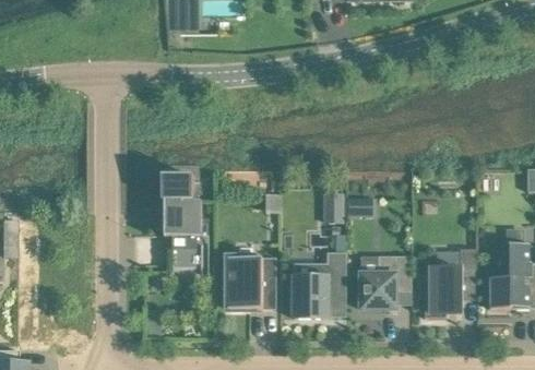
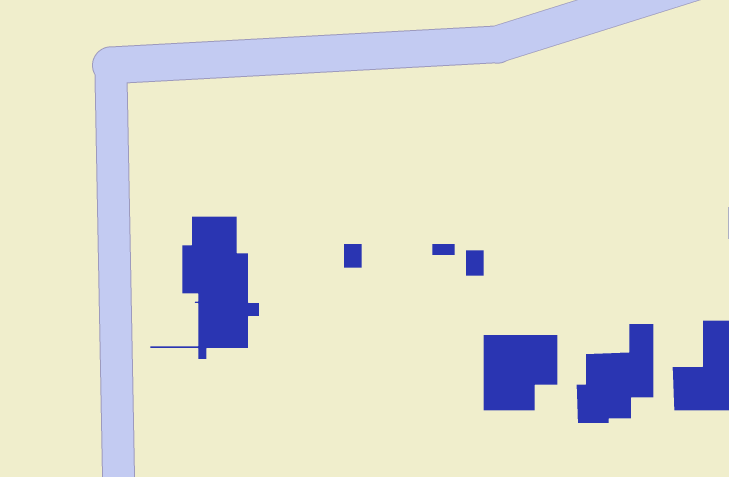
building: [288,251,345,317] -> none
building: [227,256,275,308] -> none

